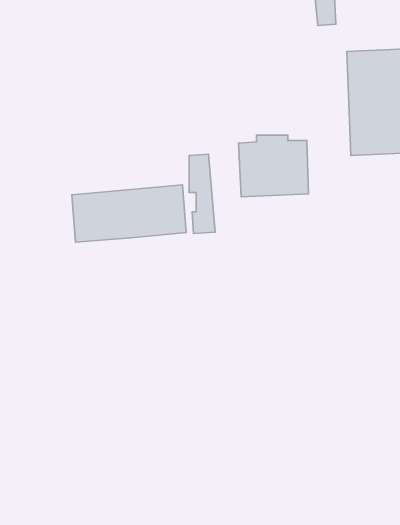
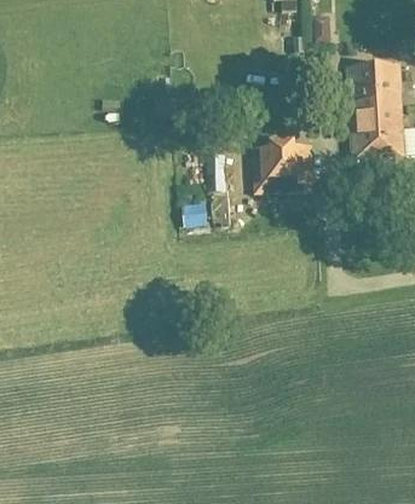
building: [72,185,186,242] -> none

